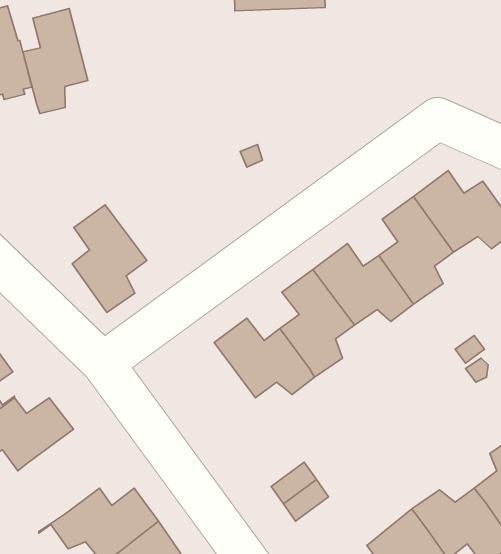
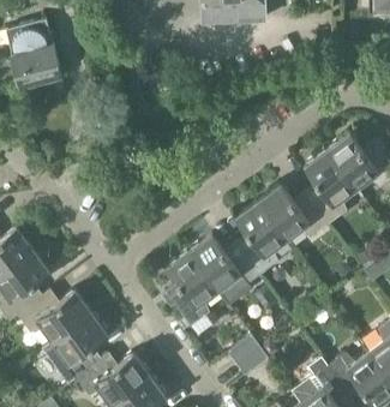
building: [23,8,88,114] -> none
building: [72,205,147,312] -> [166,252,217,327]
building: none -> [53,312,109,383]

